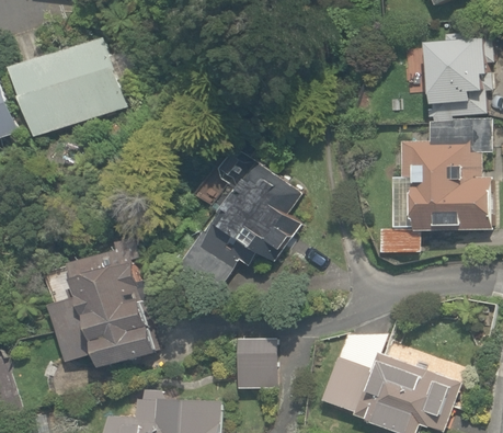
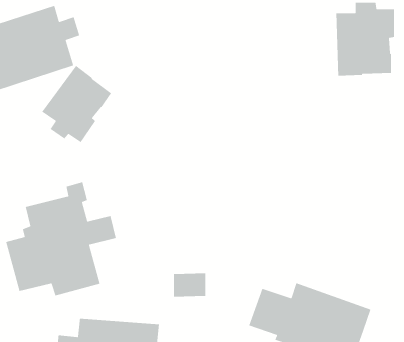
building: none -> [41,65,112,143]
building: [377,119,492,254] -> none
building: [181,146,299,293] -> none

